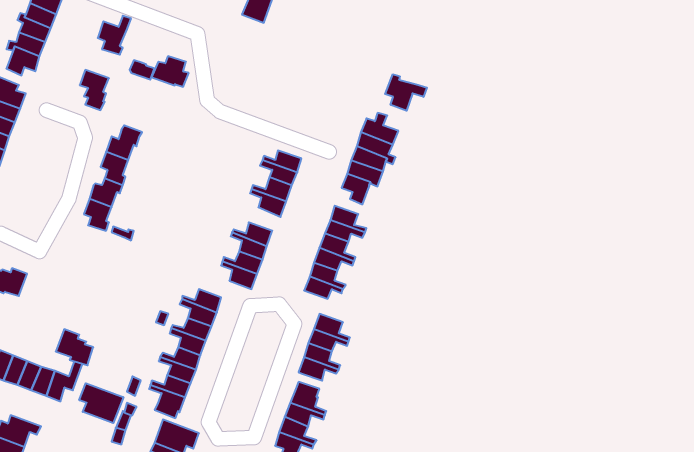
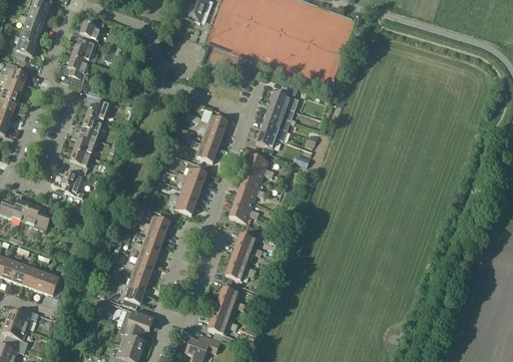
building: [151,56,189,87] -> [71,41,98,63]
building: [385,74,427,111] -> none
building: none -> [61,168,86,198]
building: [56,329,93,365] -> [23,204,50,230]
building: [79,383,123,423] -> none

